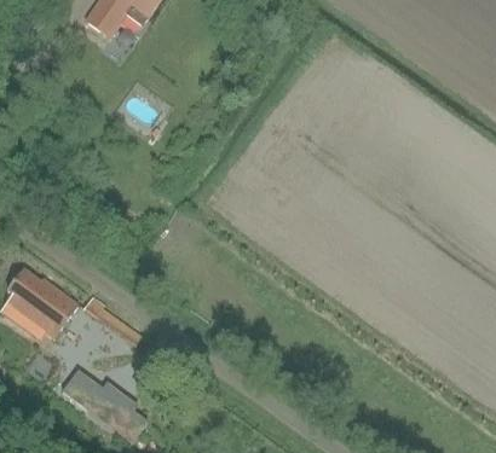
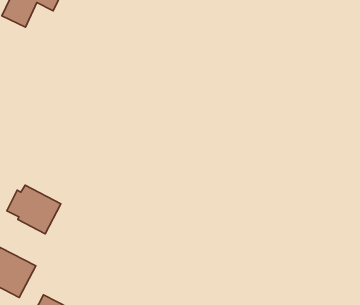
building: none -> [7,185,61,234]

